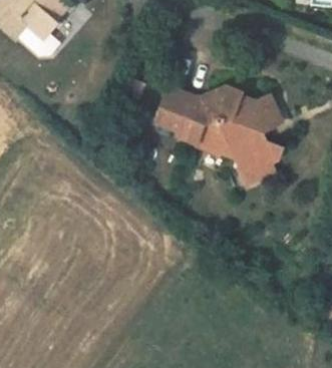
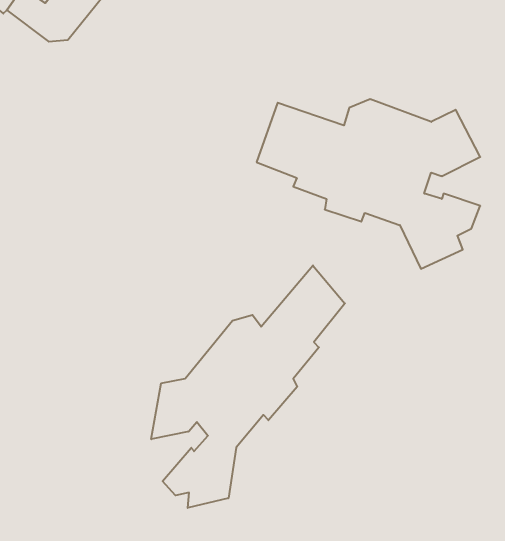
building: none -> [151,265,345,508]

